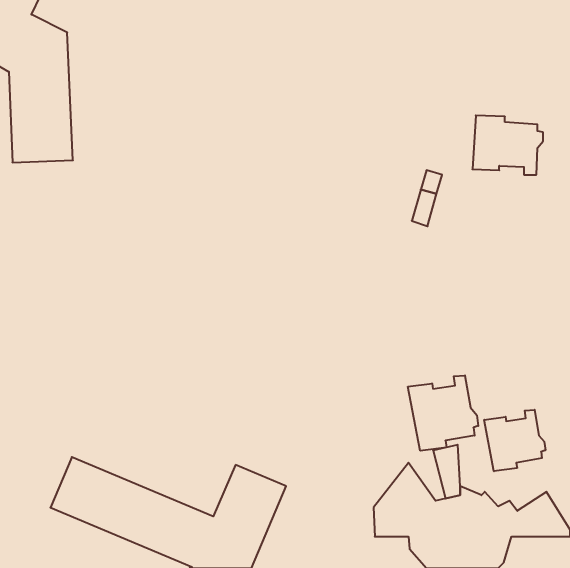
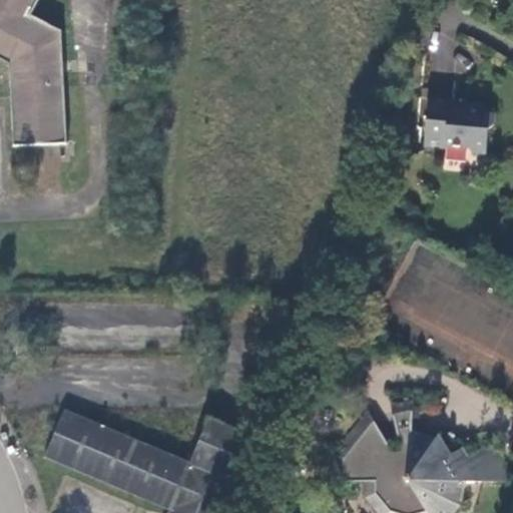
building: [408,375,478,451] -> none
building: [484,410,545,471] -> none

